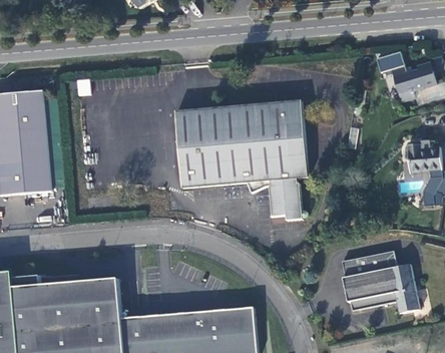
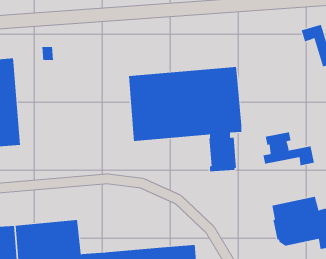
building: none -> [263,131,315,166]

